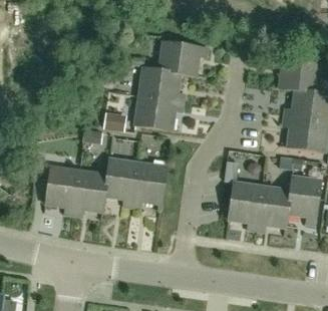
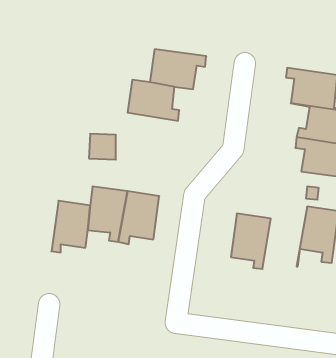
building: [135,96,183,130] -> none
building: [45,168,80,215] -> none
building: [255,177,293,231] -> none

